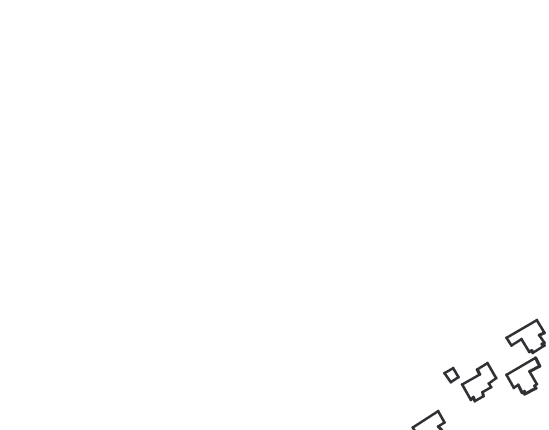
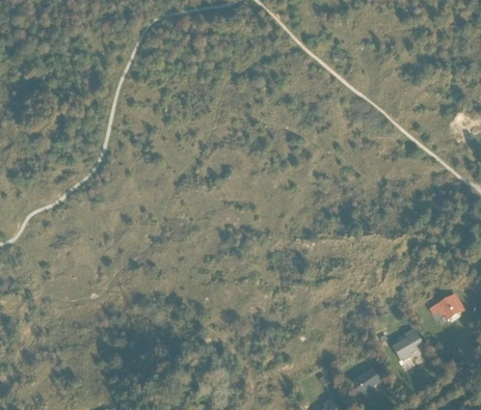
building: [506,358,540,394] -> none

